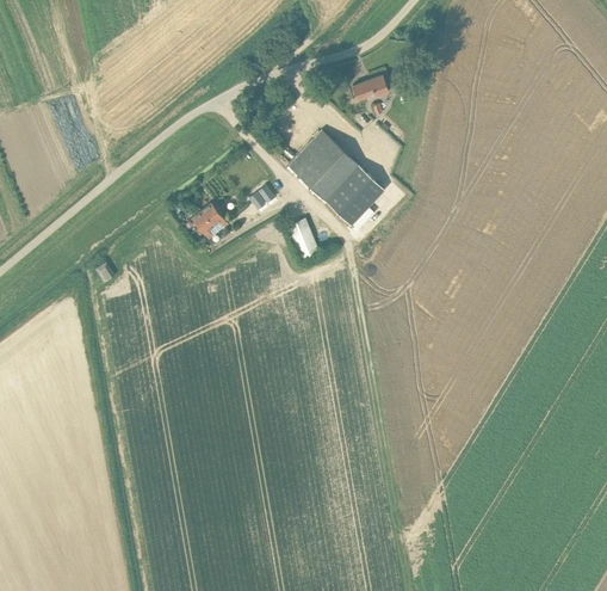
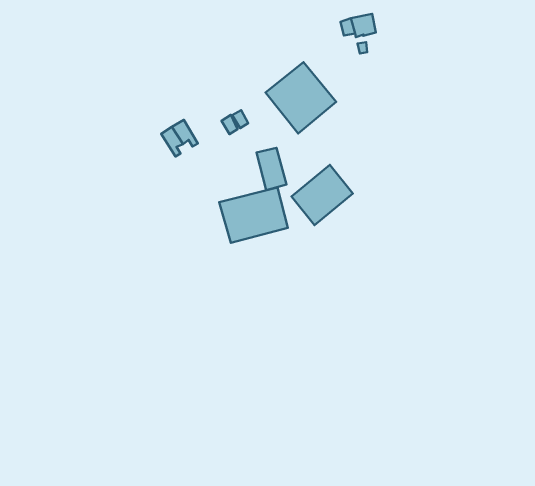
building: [324,165,384,226] -> [292,165,353,225]
building: none -> [219,187,288,243]

